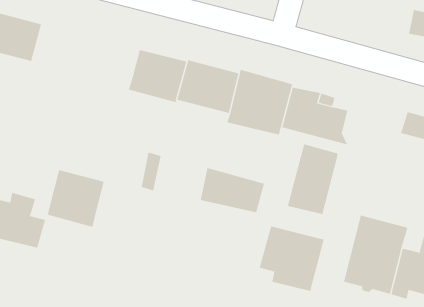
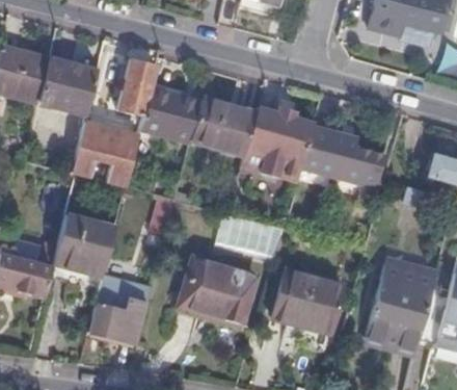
building: none -> [116,59,156,116]
building: none -> [37,61,96,113]
building: none -> [71,123,138,187]
building: [287,143,339,215] -> none
building: none -> [184,259,259,322]
building: none -> [87,277,153,345]

